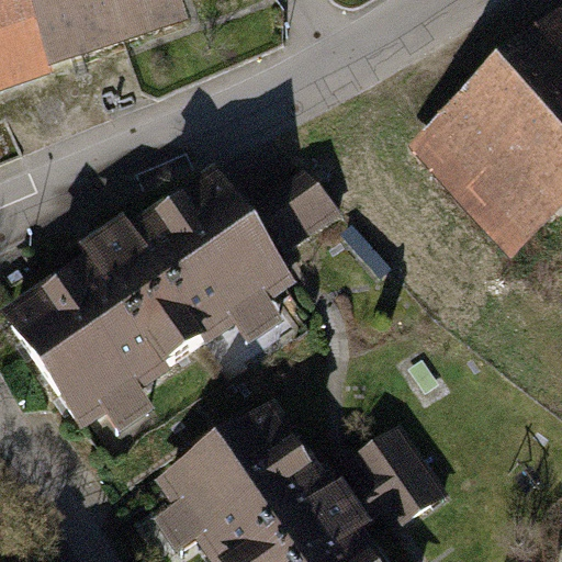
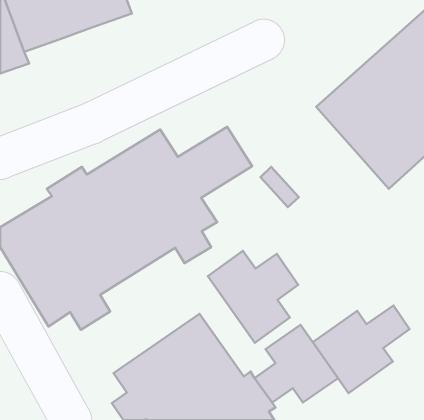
building: none -> [208,251,298,343]
building: none -> [313,306,409,393]

